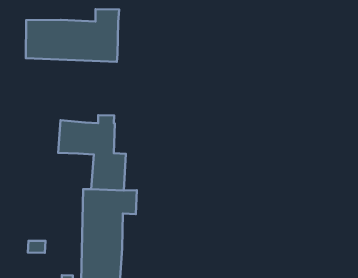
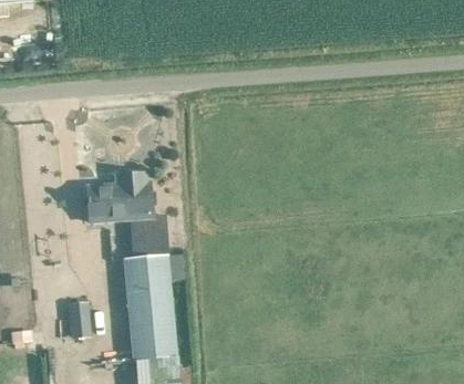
building: [26,9,119,62] -> none

